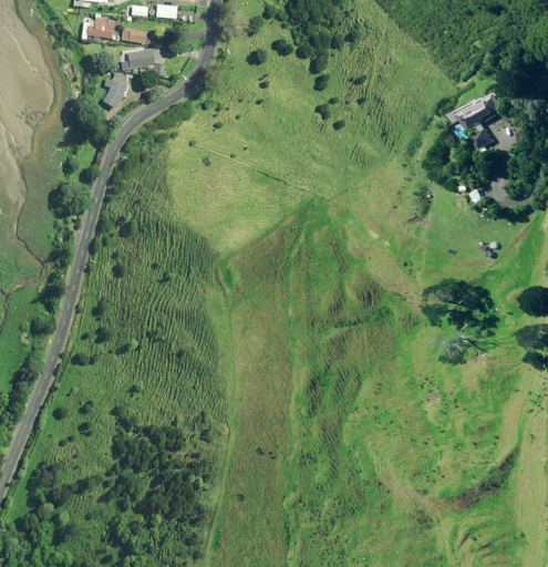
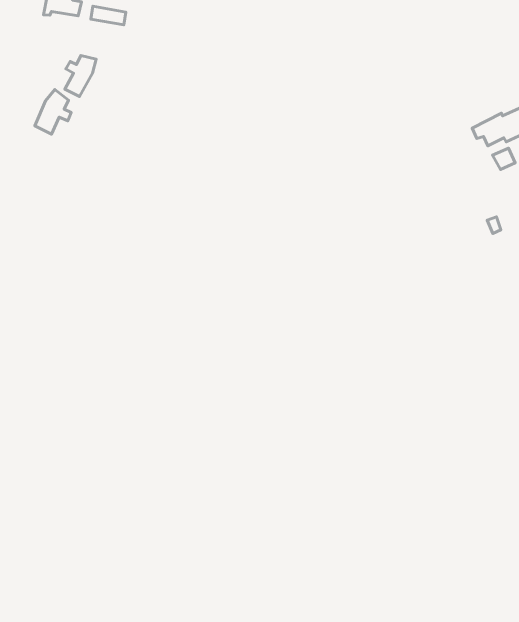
building: [120,48,154,69] -> none
building: none -> [35,90,71,134]

